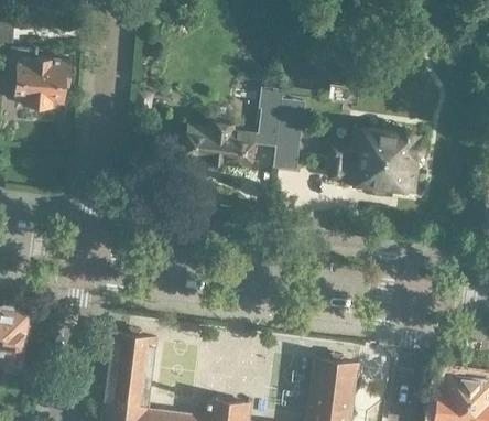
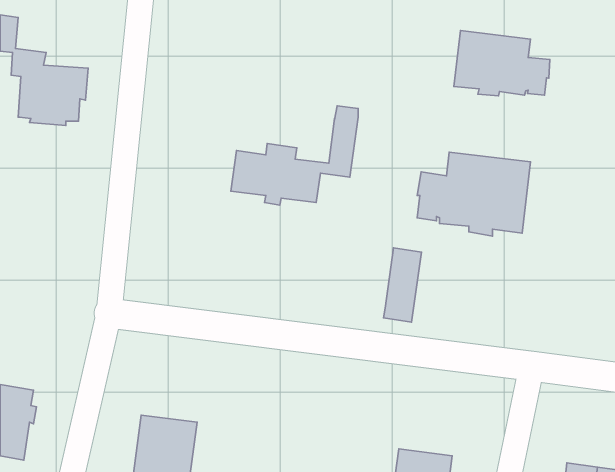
building: none -> [454,31,550,96]
building: [275,98,305,156] -> [384,248,421,322]

